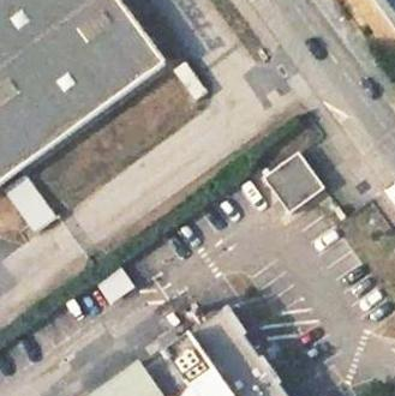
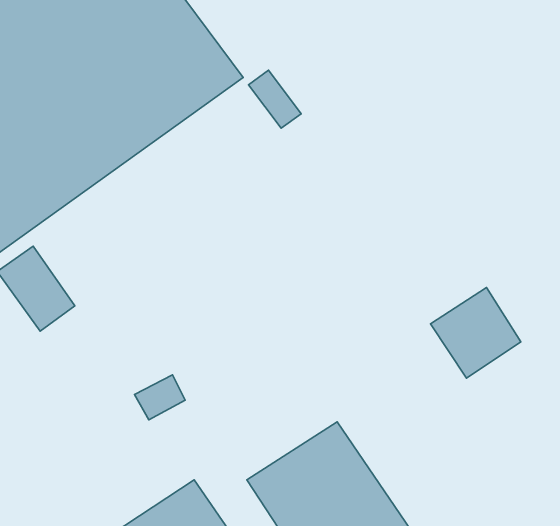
building: [264,156,324,216] -> [430,288,521,378]

